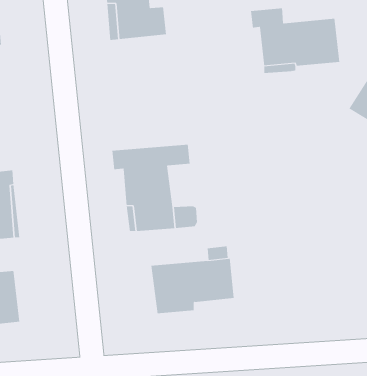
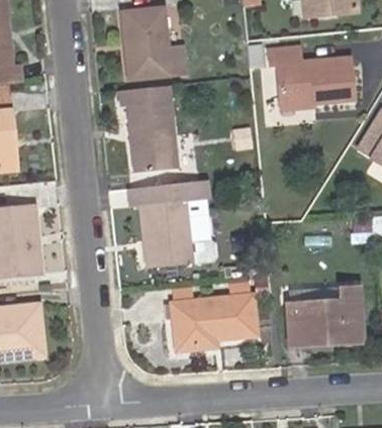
building: none -> [119,87,176,173]
building: none -> [282,286,359,344]

